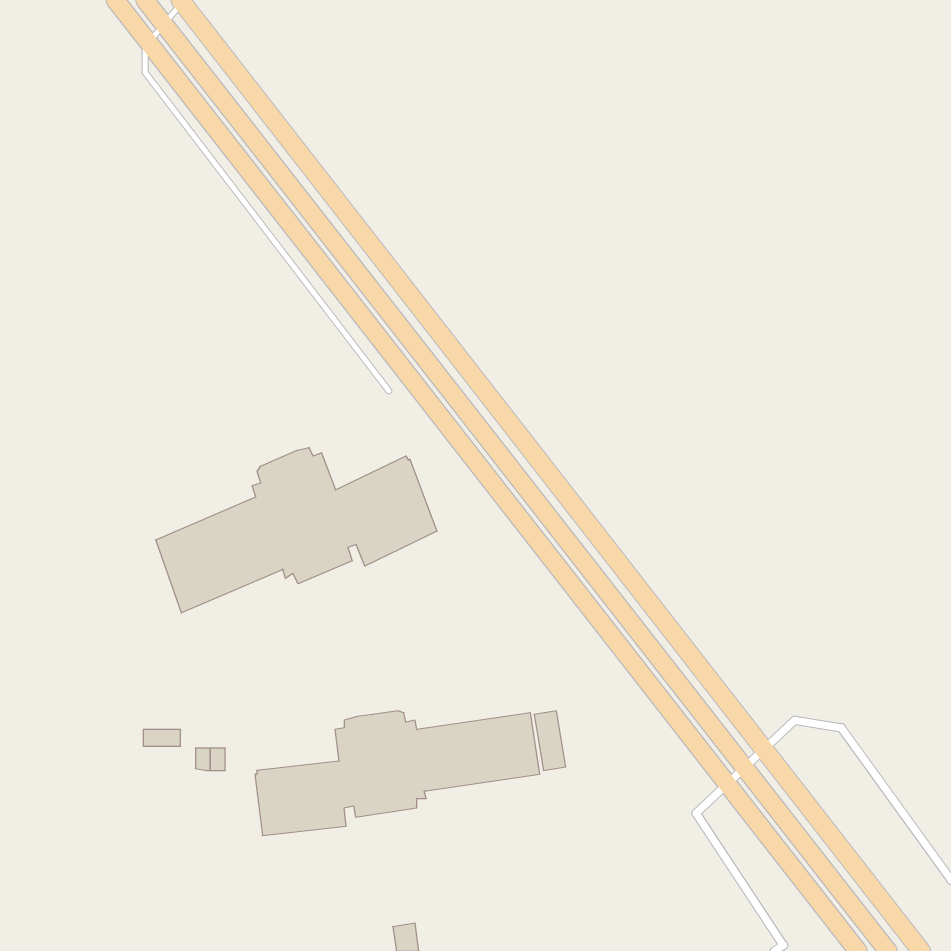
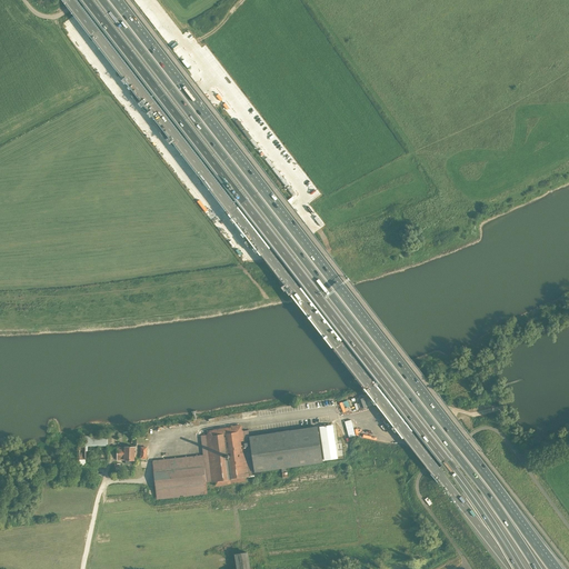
building: [156,447,437,613] -> none

